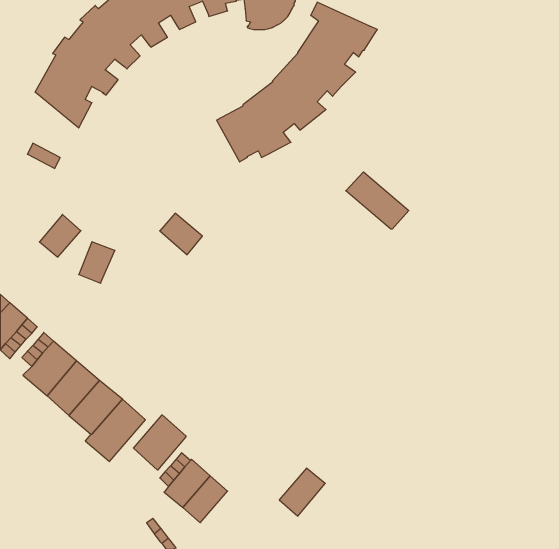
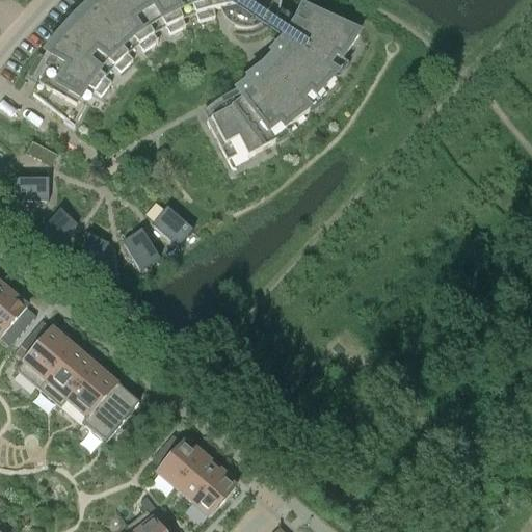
building: [346,172,409,229] -> none
building: none -> [14,174,48,196]
building: none -> [122,224,159,265]
building: [133,415,186,470] -> none
building: [279,468,325,516] -> [190,467,234,512]

